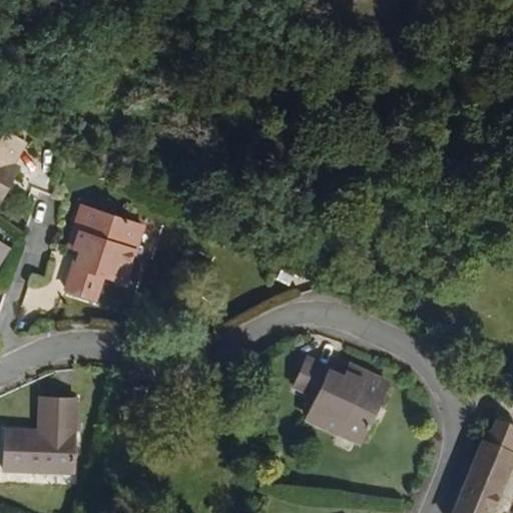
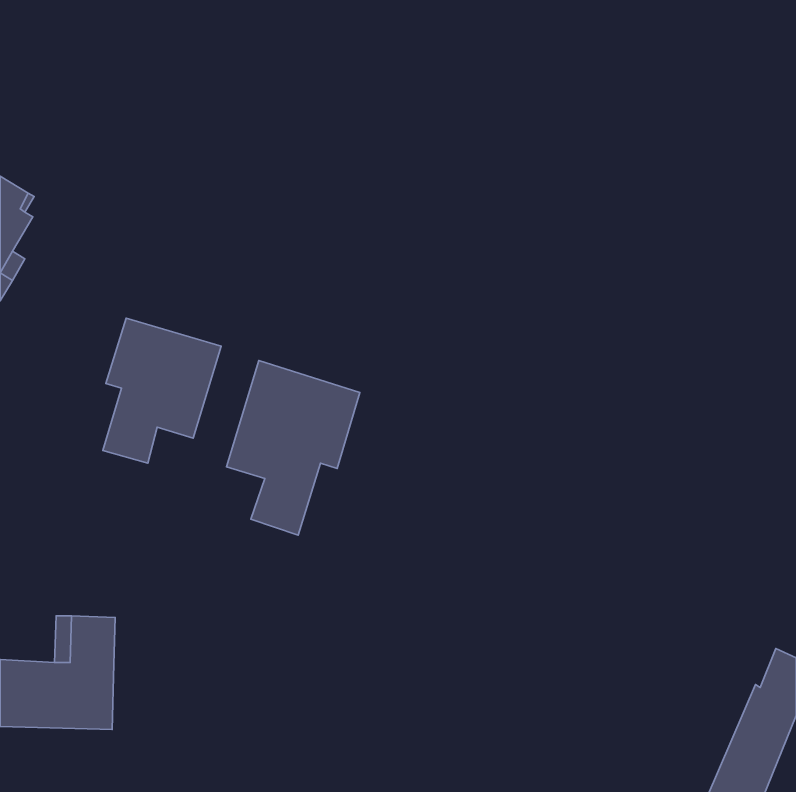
building: none -> [226,361,360,535]
building: [296,358,391,443] -> none

